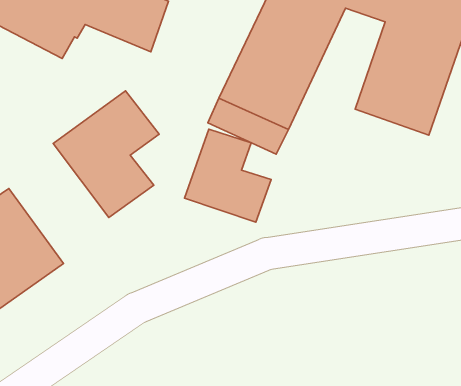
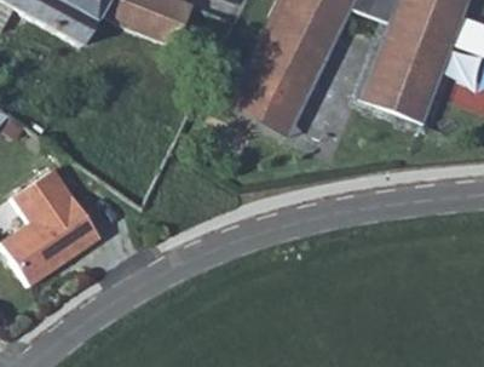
building: [53,91,159,218] -> none
building: [185,129,271,222] -> none

